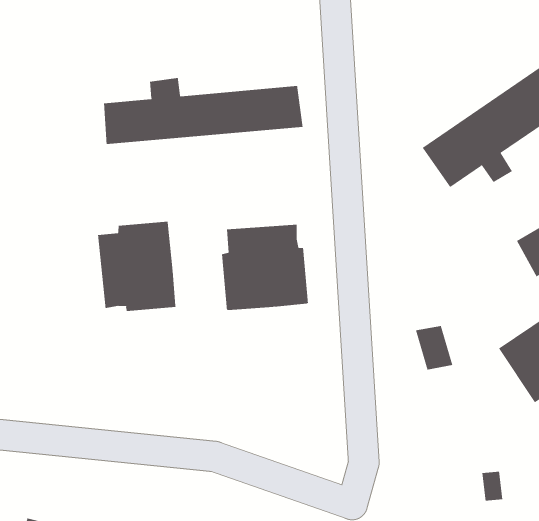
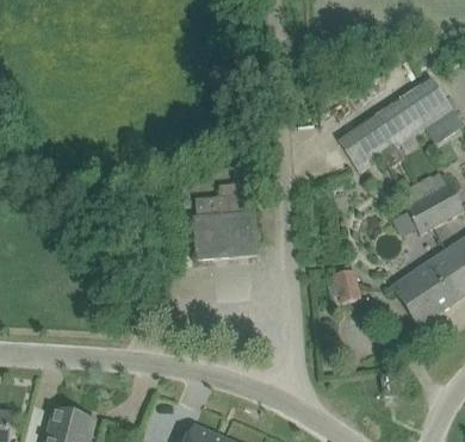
building: [104,77,303,145] -> none
building: [97,221,176,312] -> none

